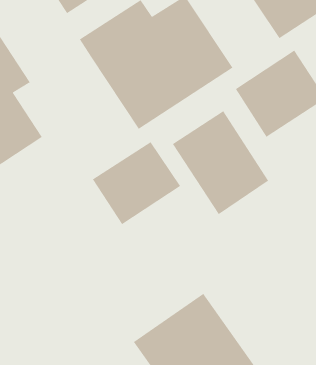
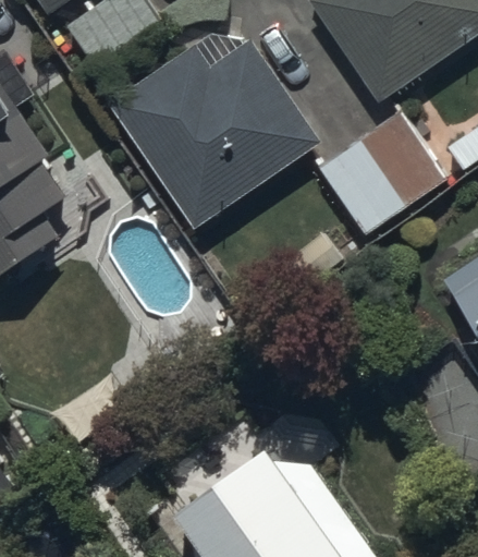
building: [172,110,269,215] -> none
building: [92,141,181,225] -> none

